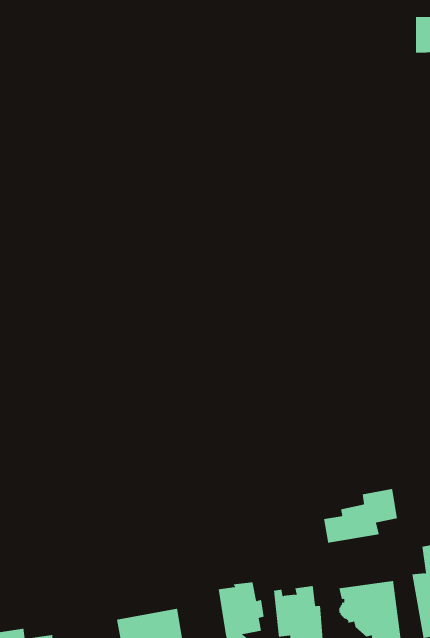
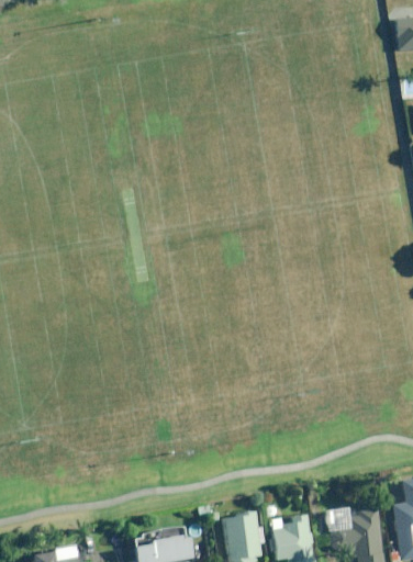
building: [324,488,398,544] -> none

